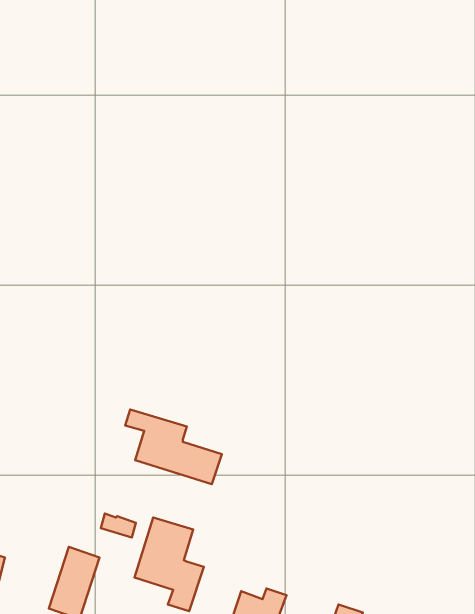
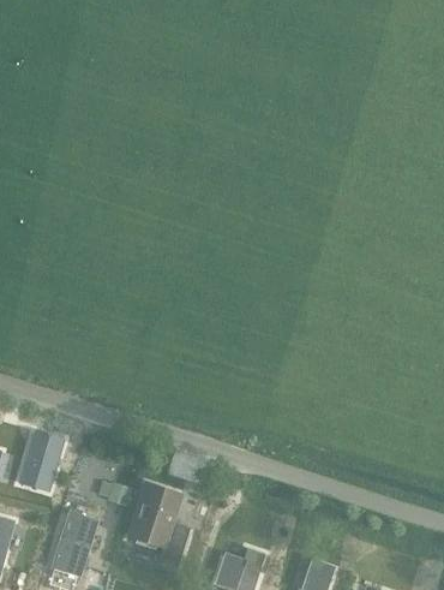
building: [125,409,222,484] -> none
building: none -> [19,431,62,490]

